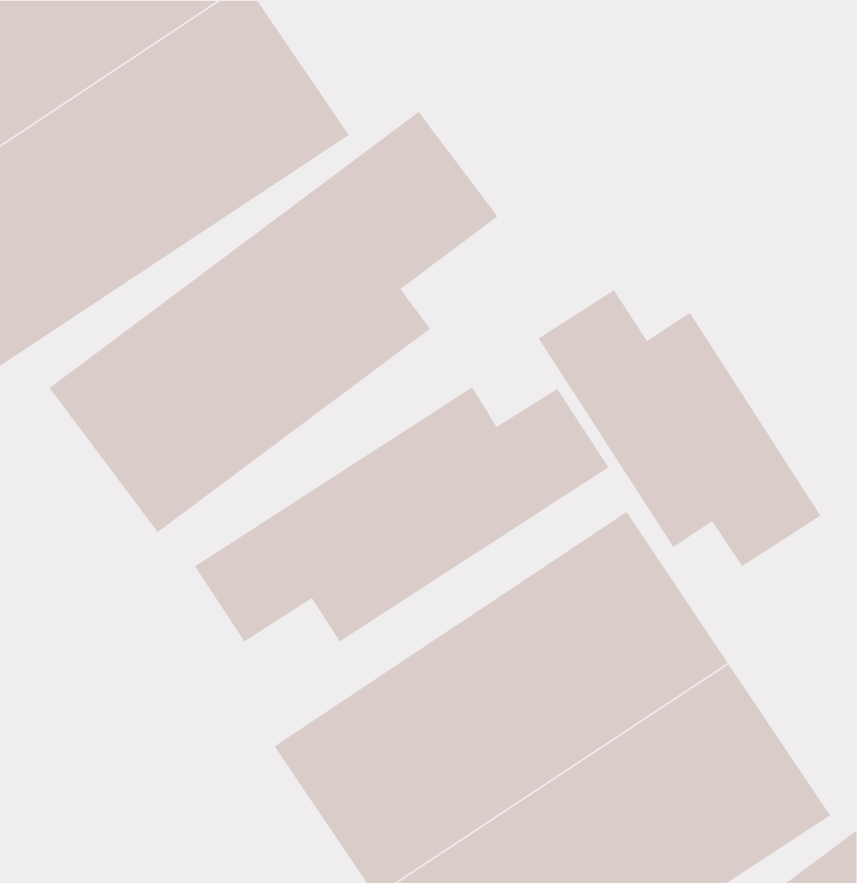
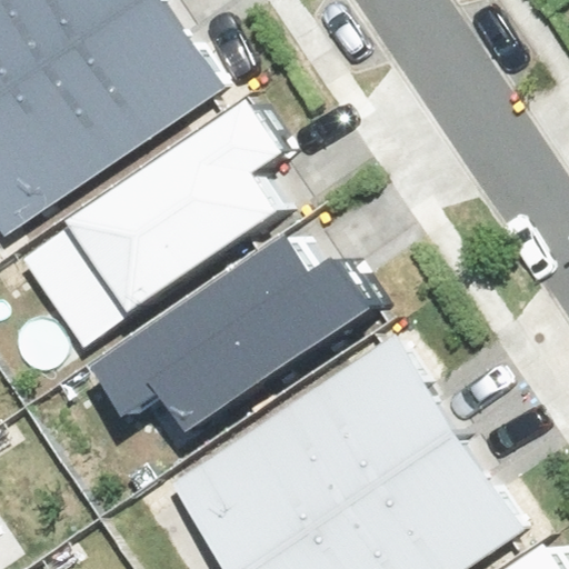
building: [537,289,822,567] -> none

